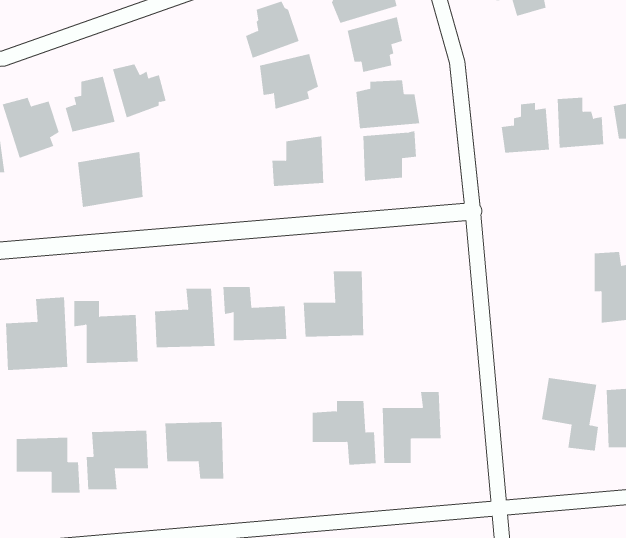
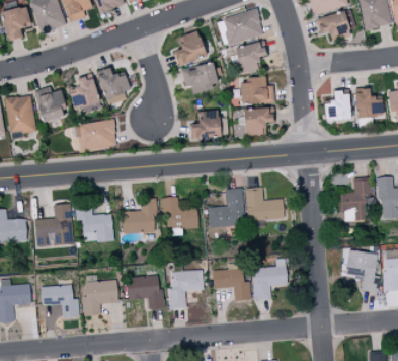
building: none -> [337,177,373,222]
building: none -> [245,188,284,220]
building: none -> [169,271,203,309]

